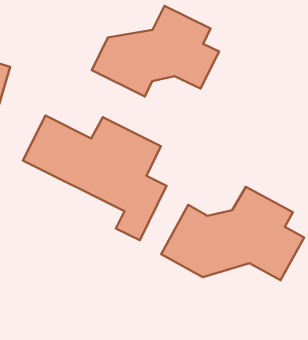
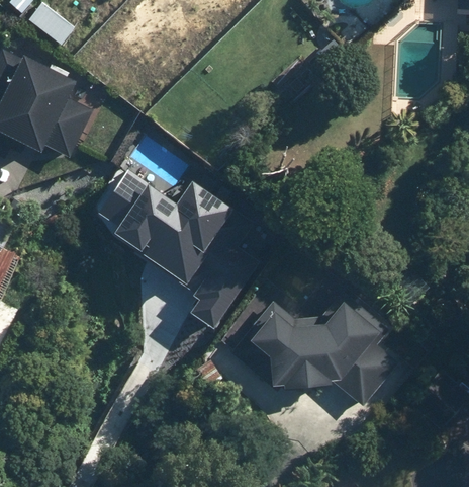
building: [92,6,219,97] -> none

